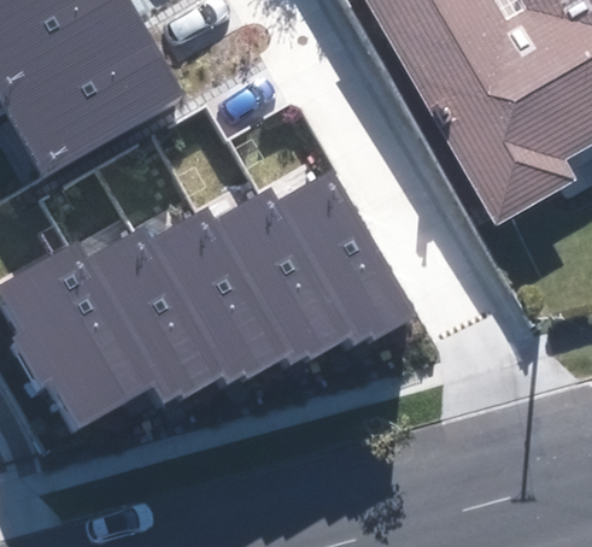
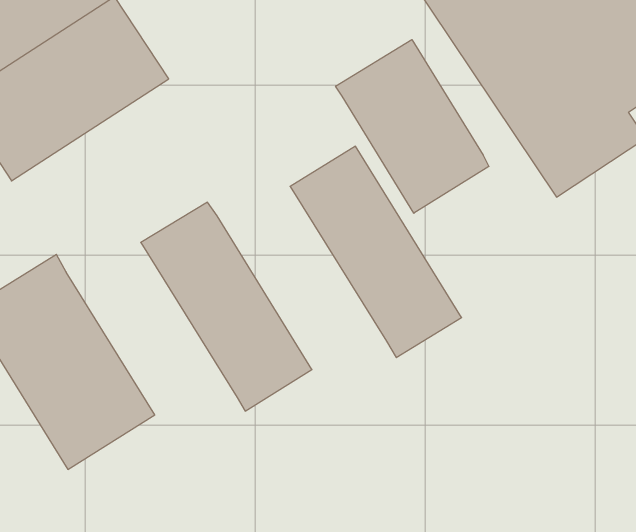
building: none -> [336,40,489,213]
building: [212,188,348,366] -> none
building: [81,227,218,406] -> none

